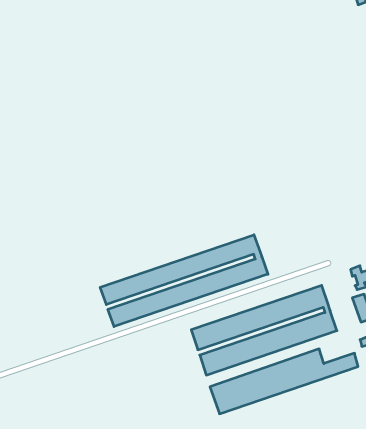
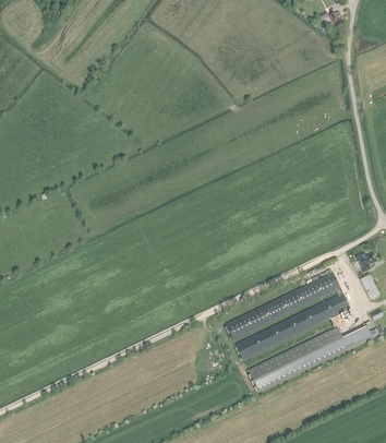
building: [100,235,268,327] -> none

